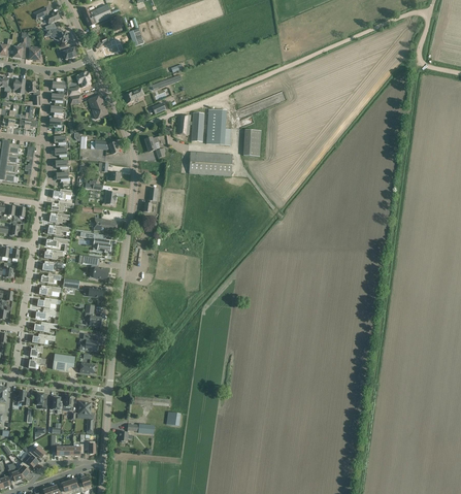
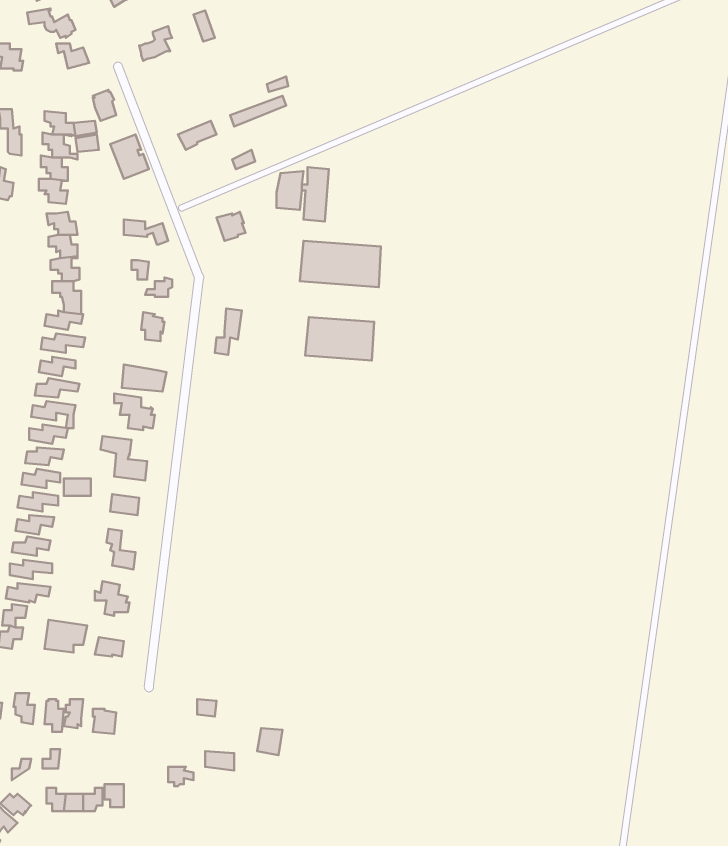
building: [206,108,231,144] -> none
building: [243,128,262,155] -> none
building: none -> [305,317,374,360]

